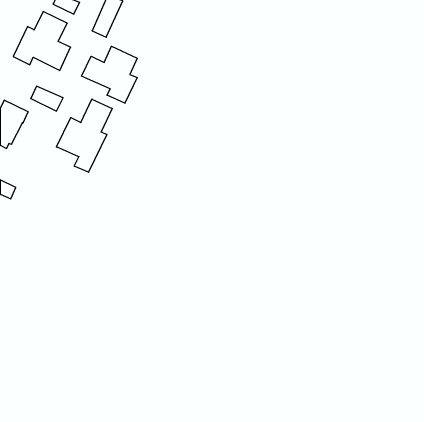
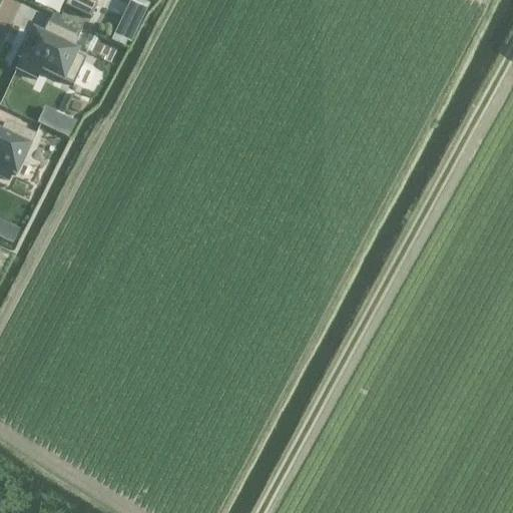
building: [82,46,137,103] -> none
building: [56,99,112,172] -> none

